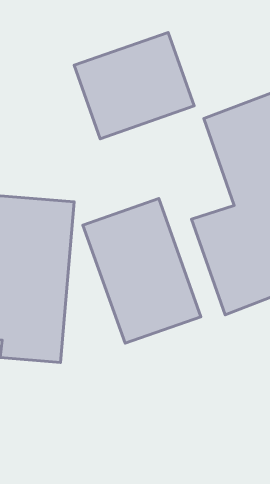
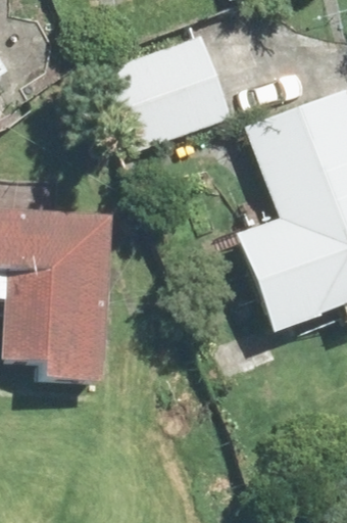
building: [83,199,201,343] -> none

